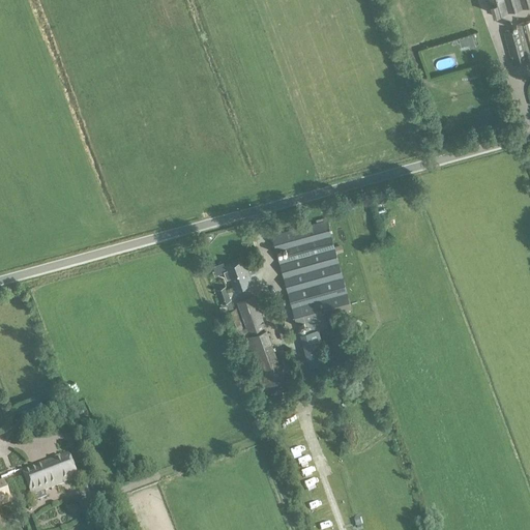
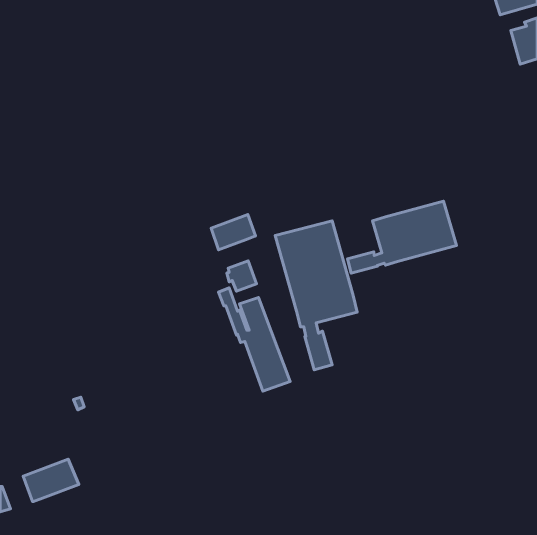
building: none -> [348,201,456,273]
building: none -> [211,214,256,250]

